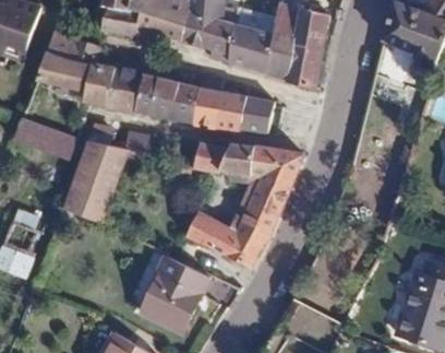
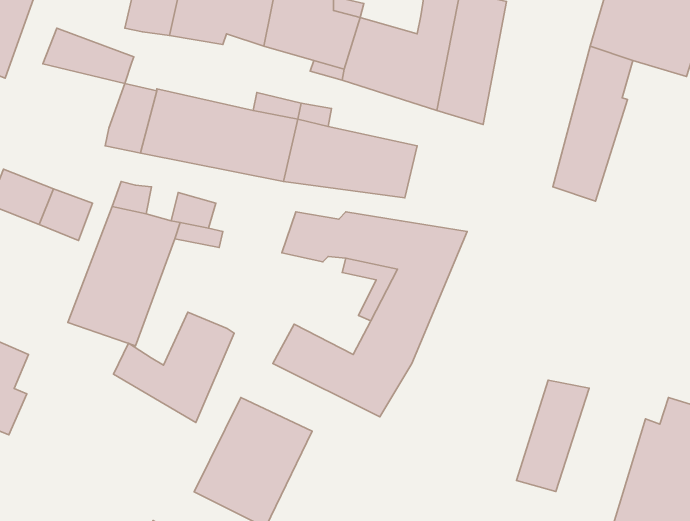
building: [35,51,96,91] -> none
building: none -> [113,312,234,423]
building: none -> [516,380,589,492]

